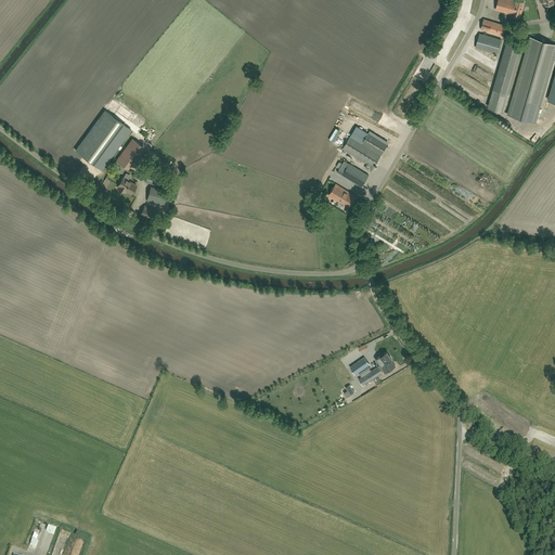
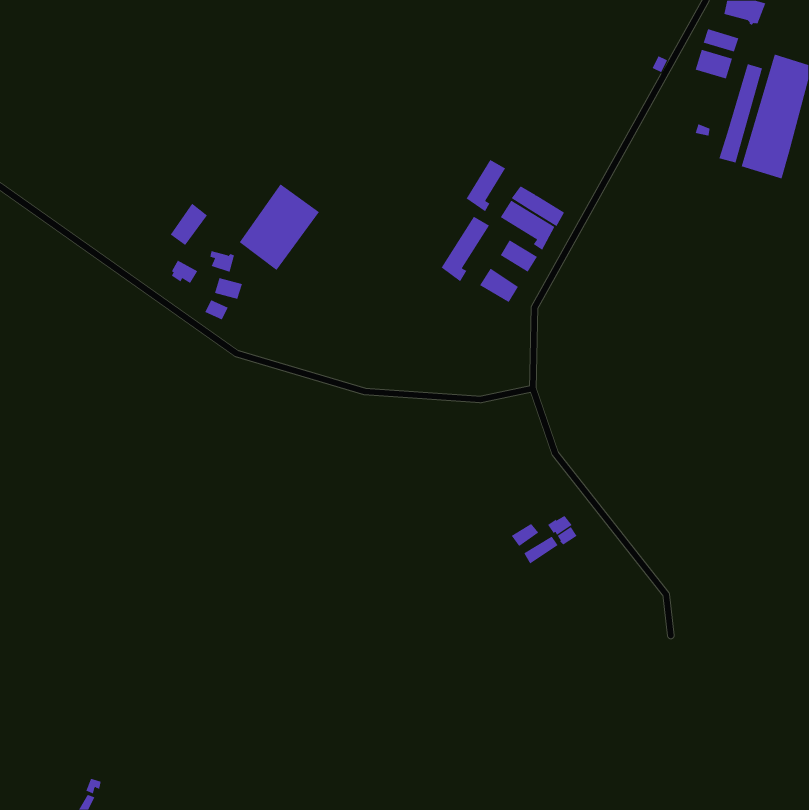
building: none -> [466,159,506,212]
building: [75,111,130,170] -> [239,184,320,271]
building: none -> [441,216,490,282]

